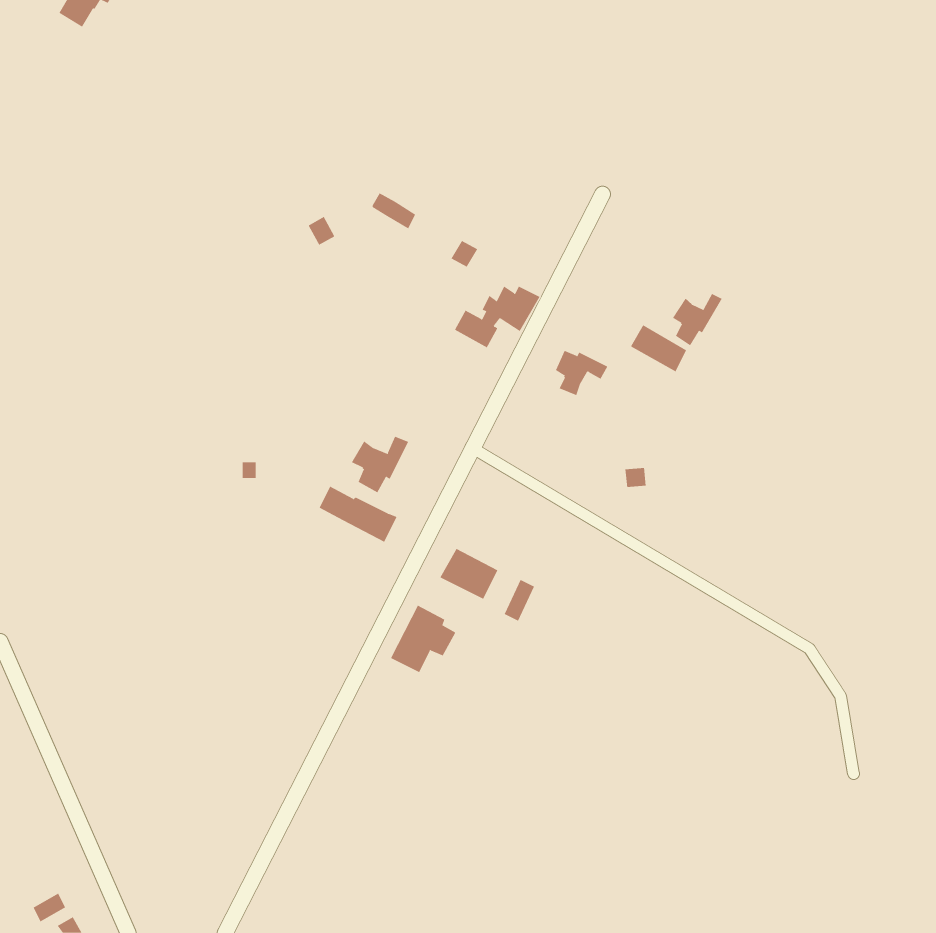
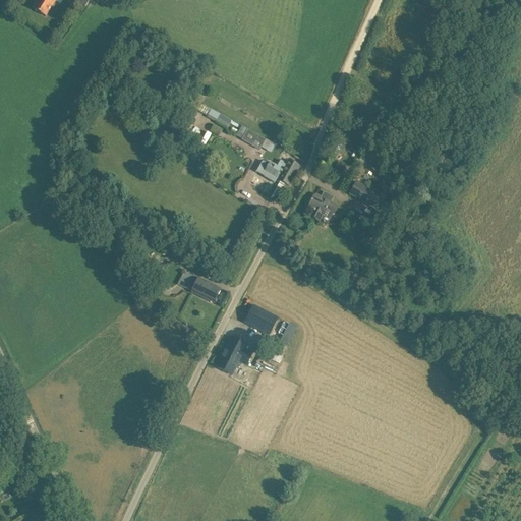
building: [672,293,722,346] -> none
building: [351,436,409,493] -> none

